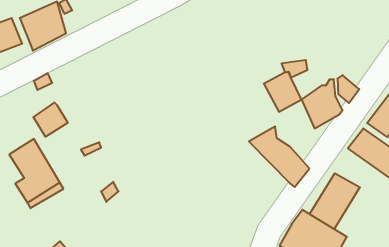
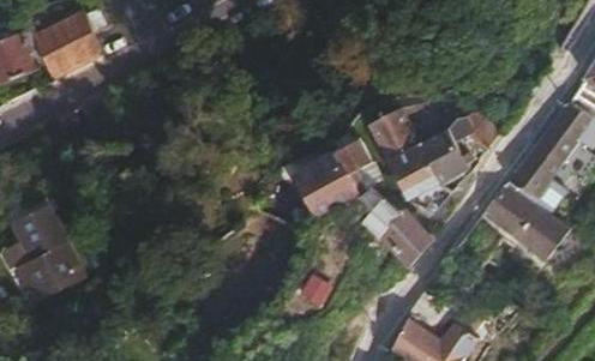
building: none -> [295,134,383,221]
building: none -> [387,148,437,203]
building: [33,102,68,137] -> none
building: [310,173,360,229] -> none

